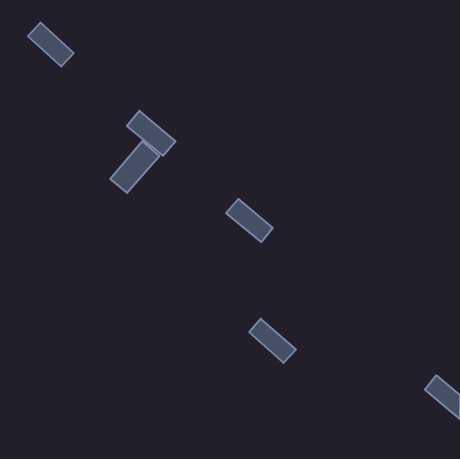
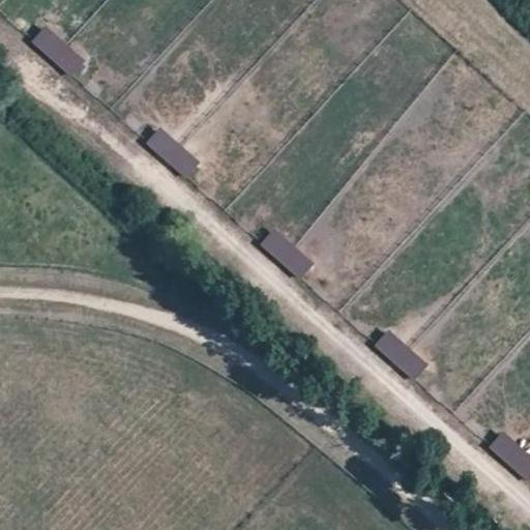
building: [110,141,159,193] -> none
building: [249,319,296,363] -> [375,330,429,381]

